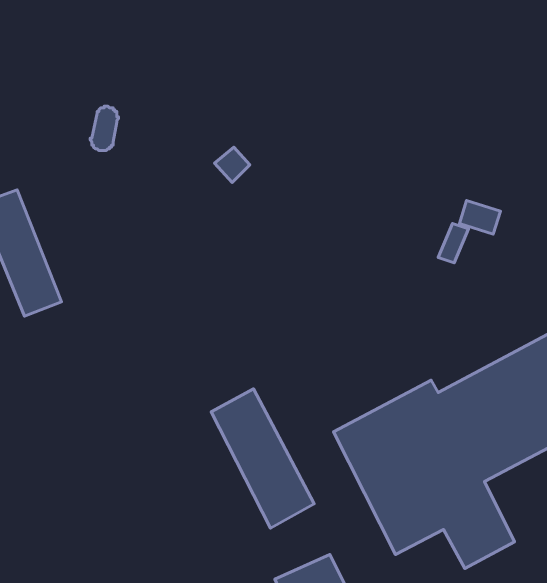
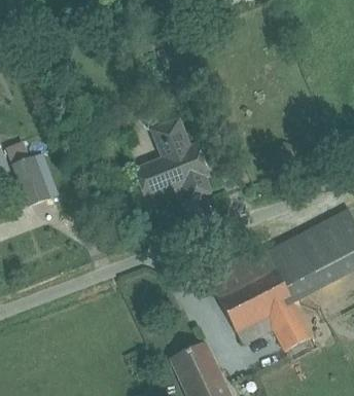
building: none -> [136,118,211,197]
building: [211,389,314,528] -> none

